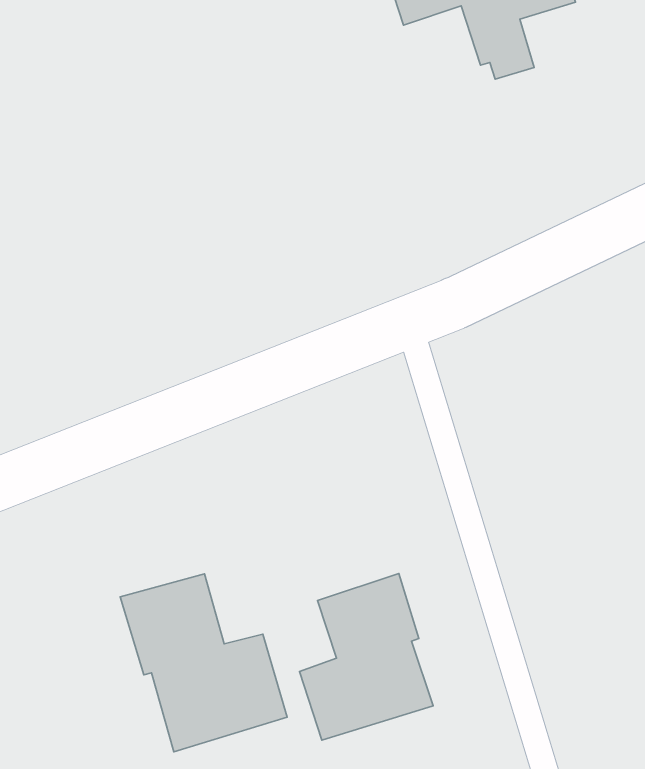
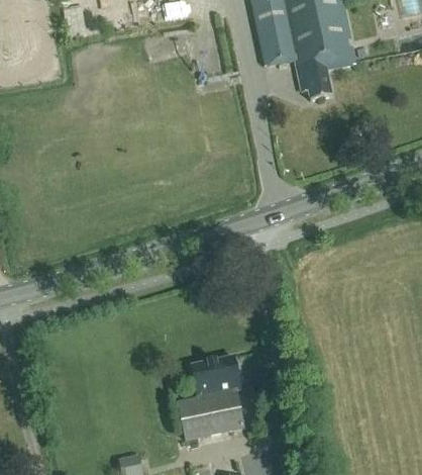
building: [120,574,287,752] -> none

